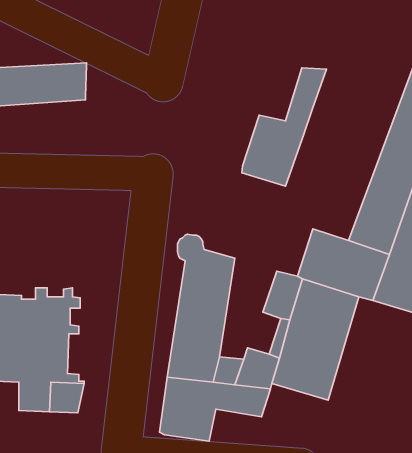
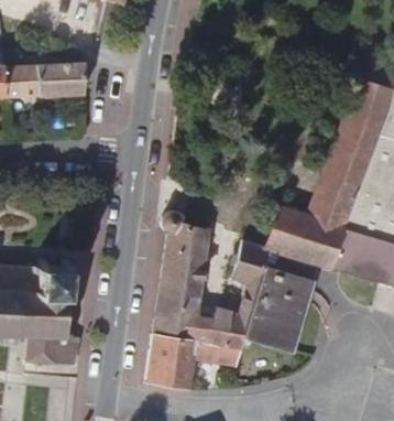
building: [242,68,326,186] -> none

